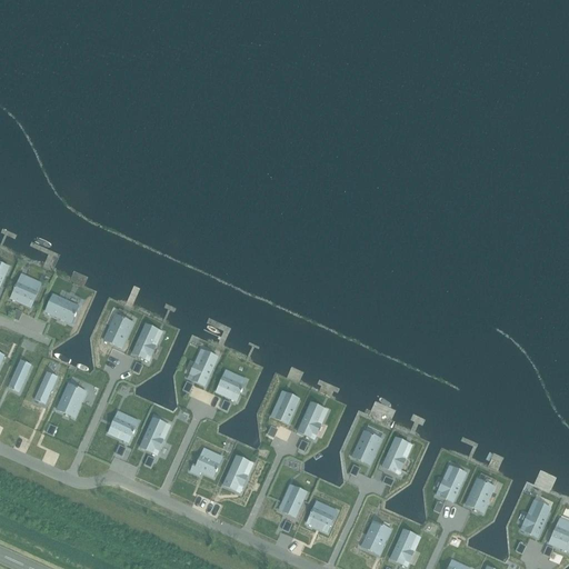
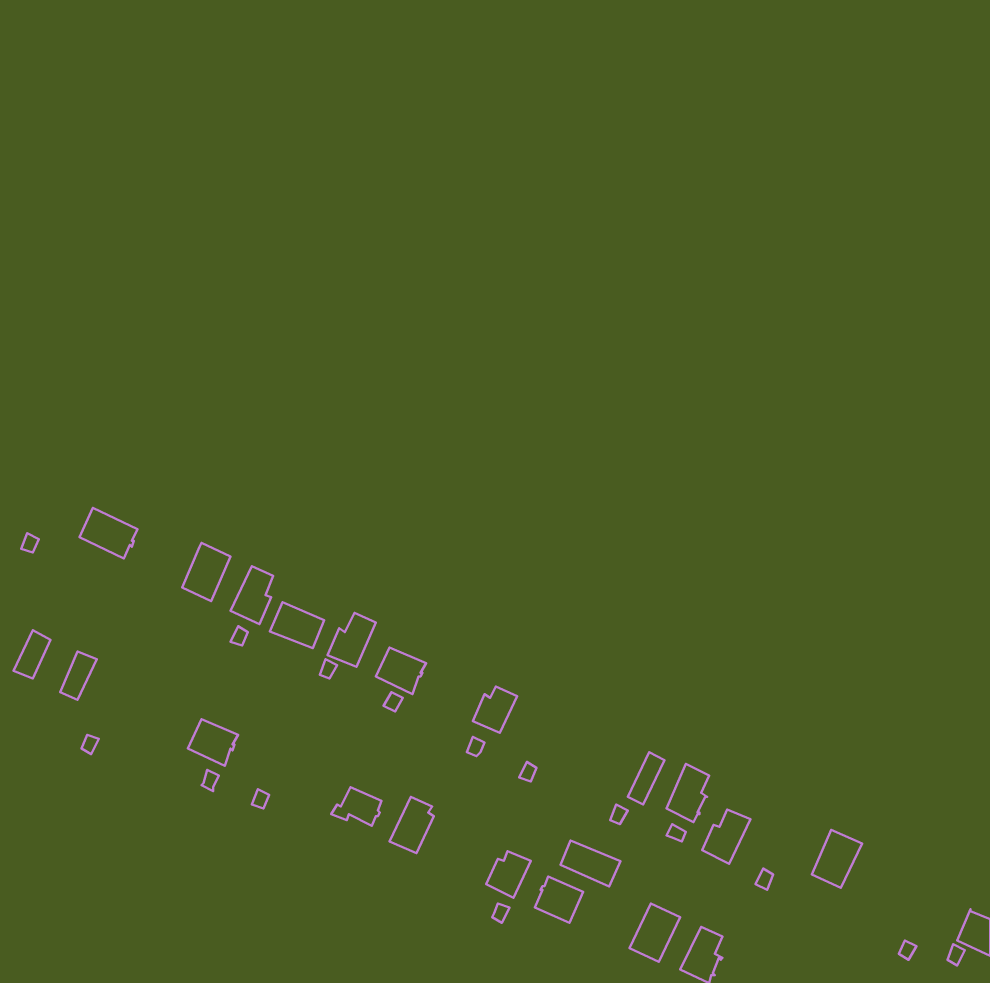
building: [10,277,39,305] -> none
building: none -> [270,602,324,648]
building: [57,380,86,413] -> none
building: [298,403,322,437] -> none
building: [140,419,166,451] -> none
building: [437,468,465,499] -> [702,809,750,864]
building: none -> [561,840,620,887]
building: [521,502,548,533] -> none

